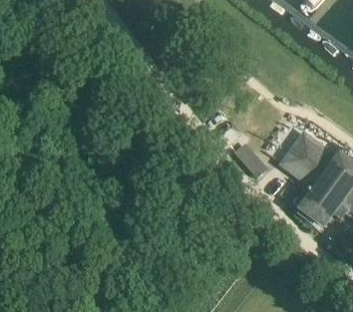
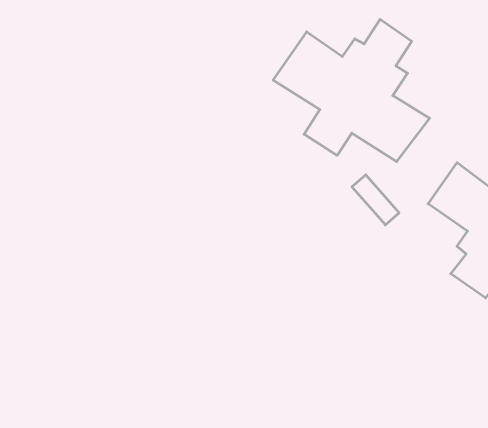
building: none -> [273,19,430,162]

